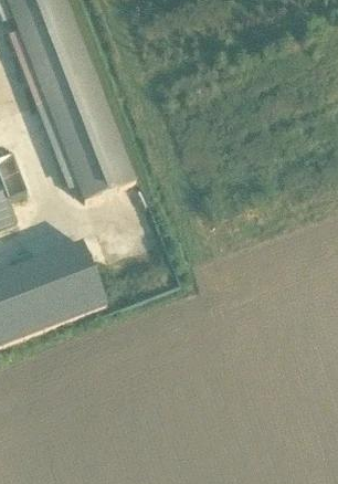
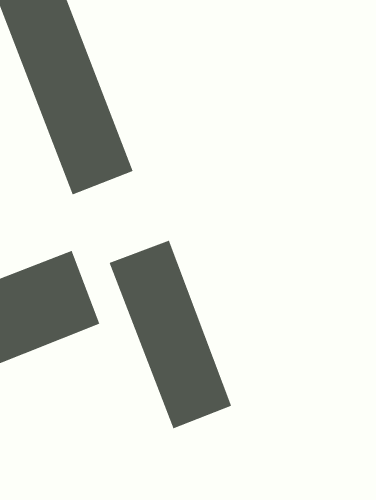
building: none -> [109,240,232,429]

